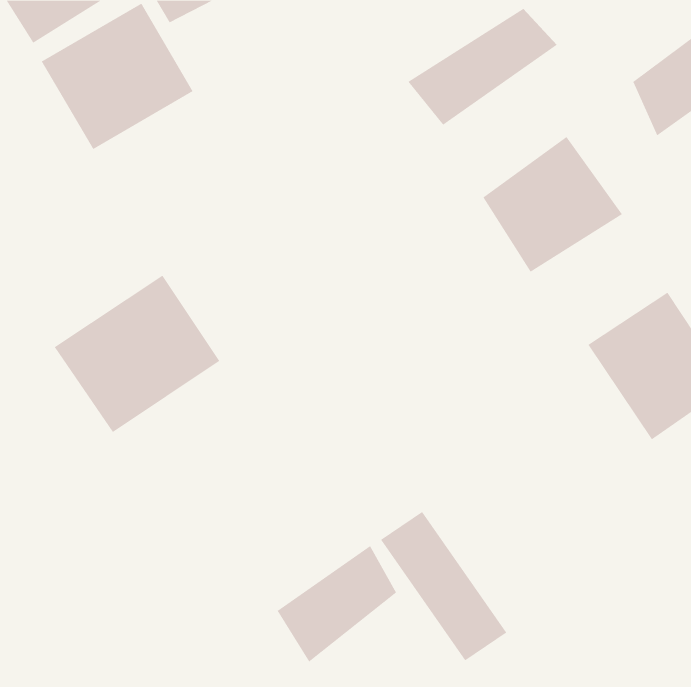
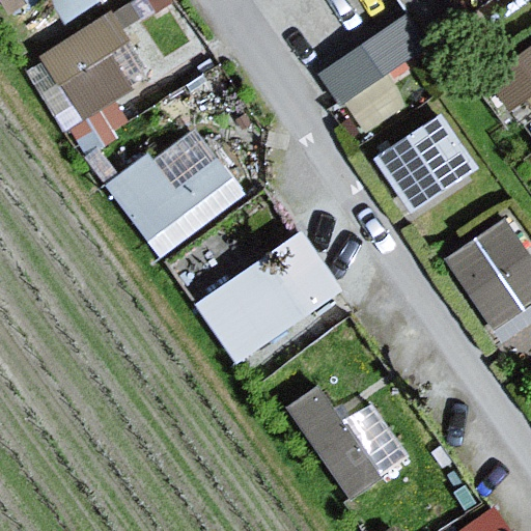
building: [54,275,220,433] -> [114,129,241,249]
building: none -> [203,242,352,374]
building: [277,545,397,662] -> none

